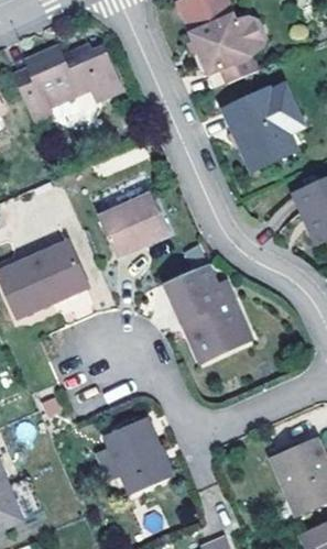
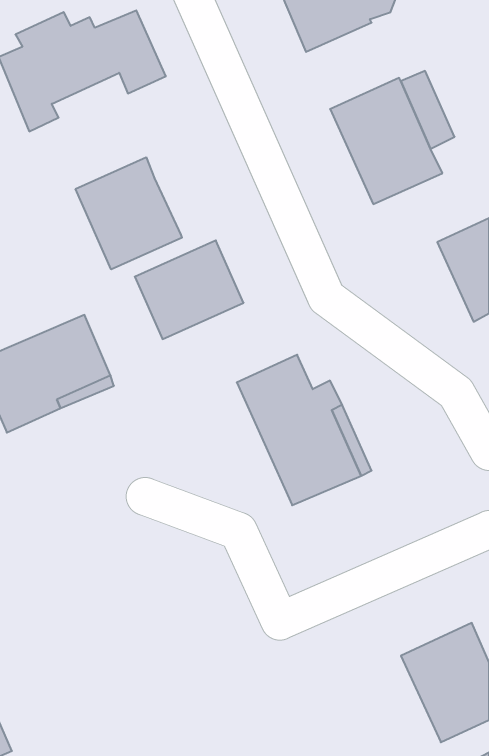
building: none -> [76,157,182,269]
building: [106,417,168,493] -> none

